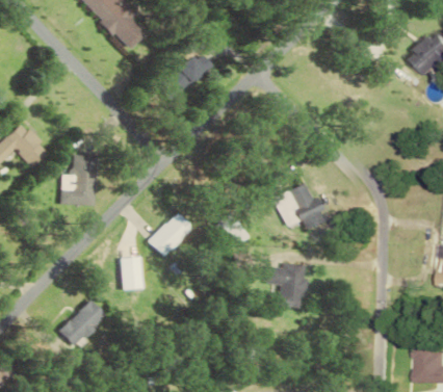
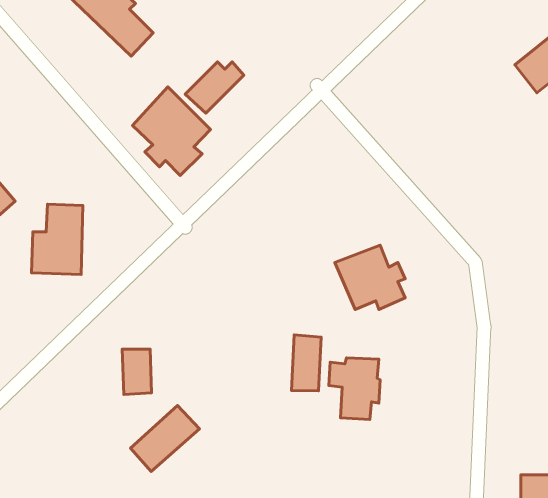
building: none -> [133,87,211,176]
building: [151,212,198,257] -> none
building: none -> [291,335,321,391]
building: [60,299,109,346] -> [131,406,199,471]

